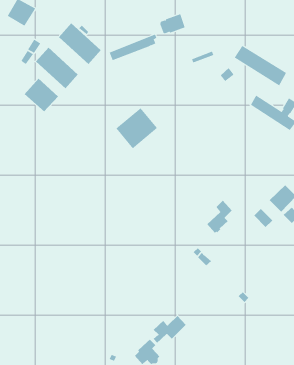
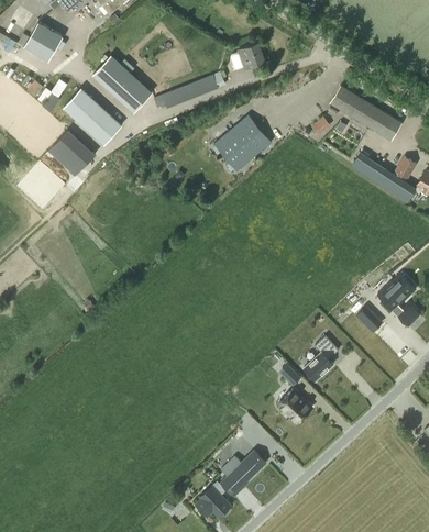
building: [115,107,158,149] -> [213,115,271,171]
building: [206,200,233,233] -> [304,335,339,380]
building: none -> [278,389,312,423]

